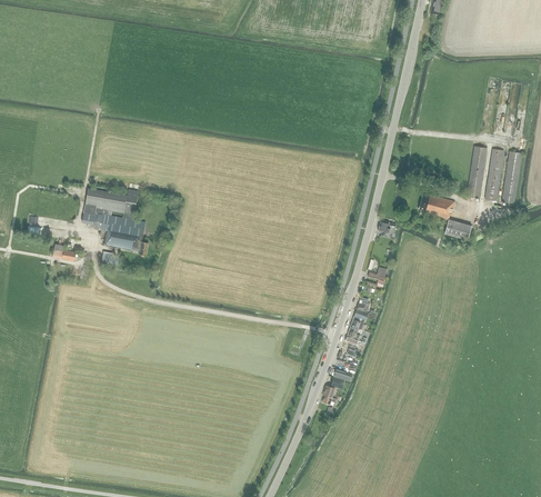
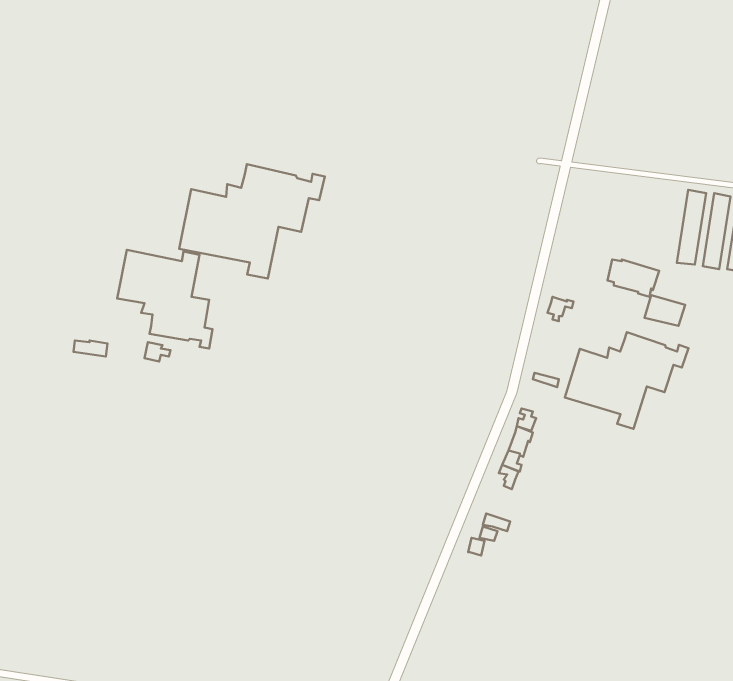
building: none -> [179,164,325,279]
building: none -> [565,332,688,429]

